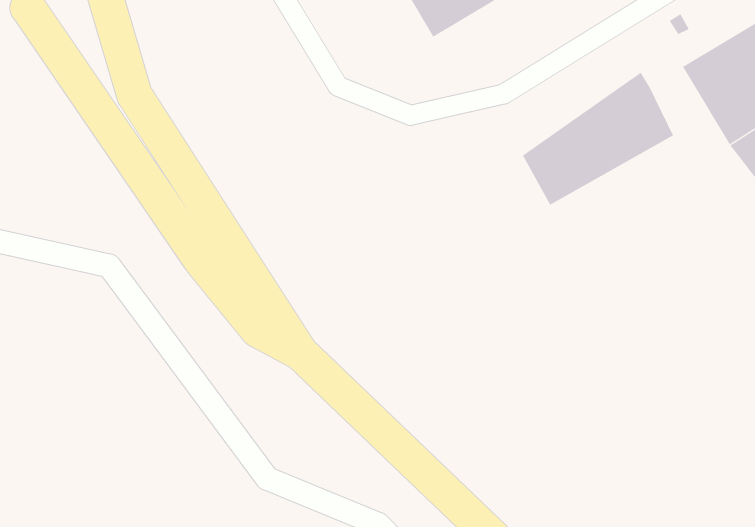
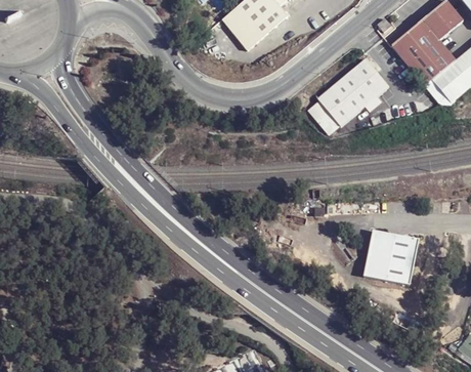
building: none -> [365,230,421,285]

